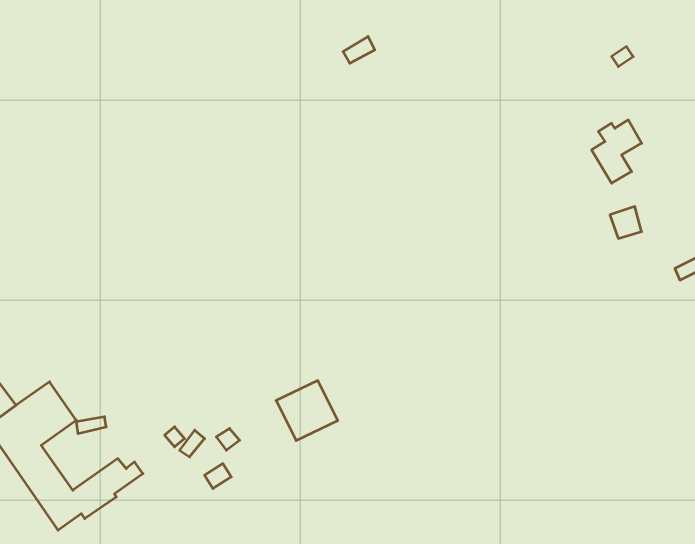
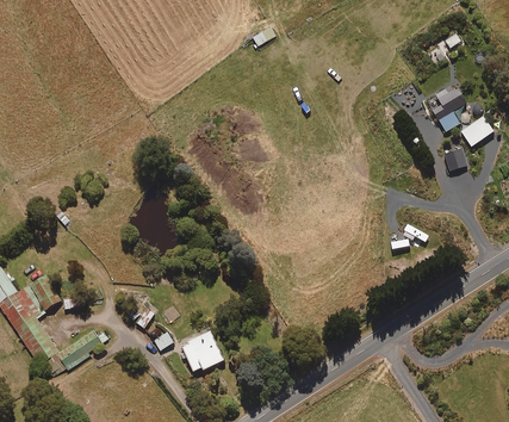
building: none -> [460,116,494,145]
building: [276,381,338,441] -> [180,330,224,373]

